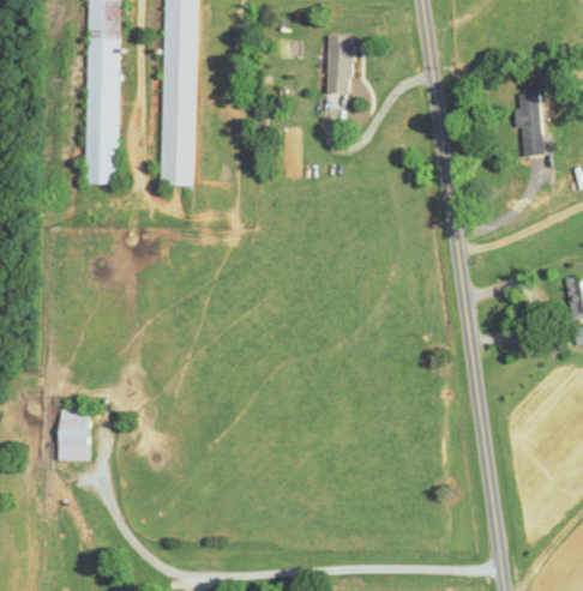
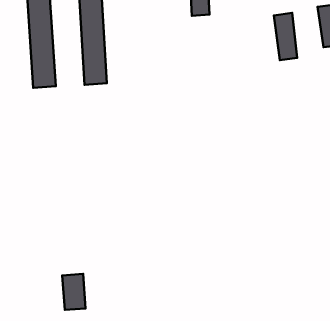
building: none -> [274,13,297,60]
building: [58,409,89,460] -> [62,274,86,310]

